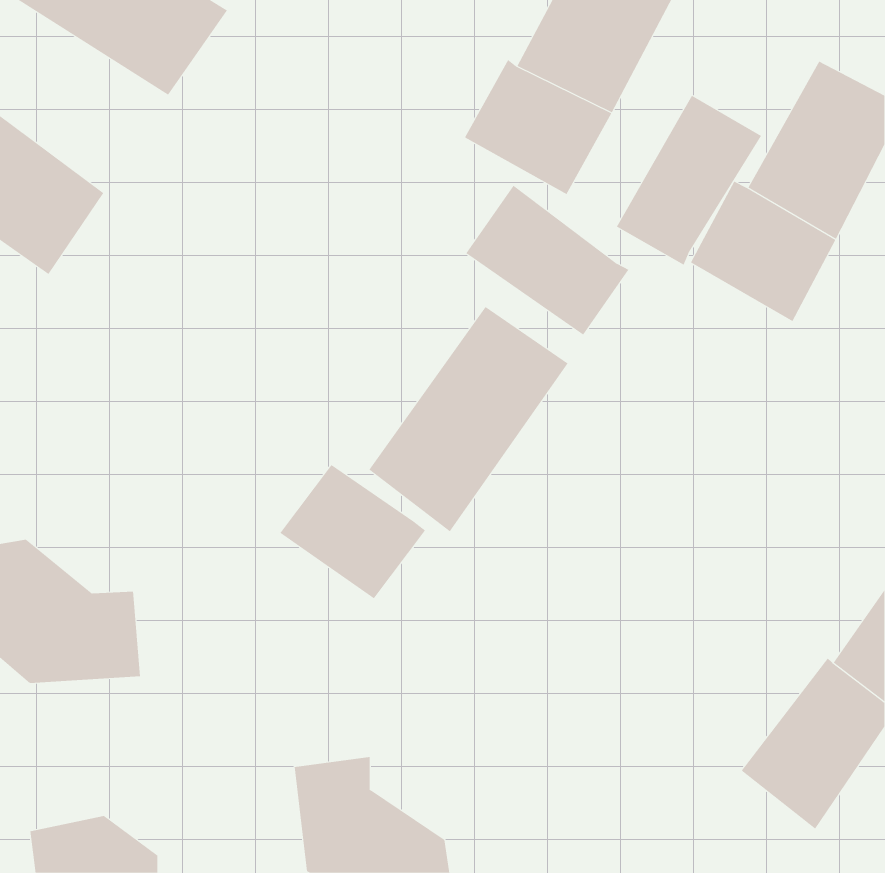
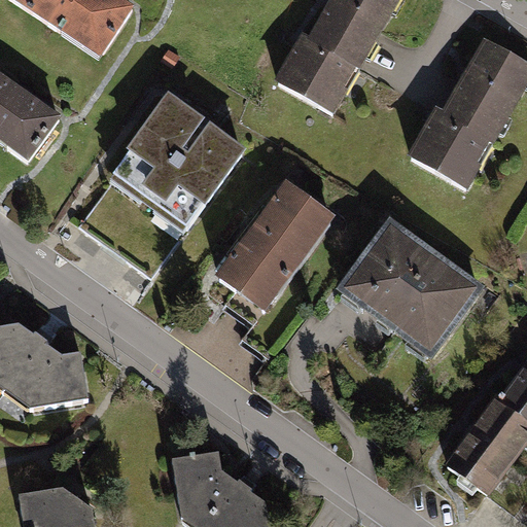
building: [616,95,762,265] -> none
building: none -> [110,95,248,231]
building: [466,185,629,335] -> none
building: none -> [336,218,486,360]
building: [280,464,426,599] -> none

